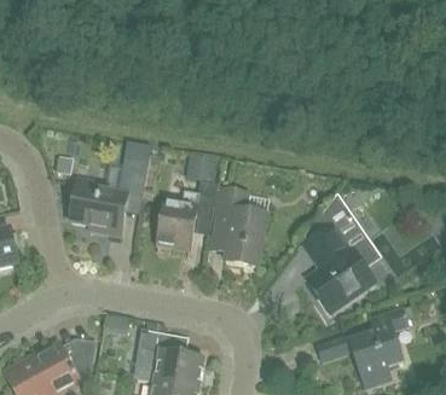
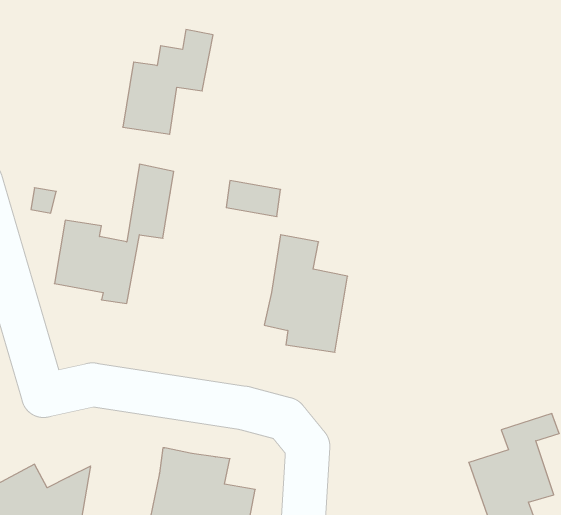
building: [158,179,219,249] -> [123,30,213,134]
building: [302,194,378,310] -> none

